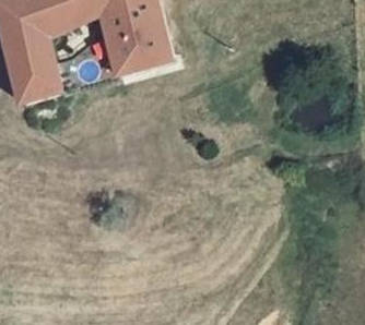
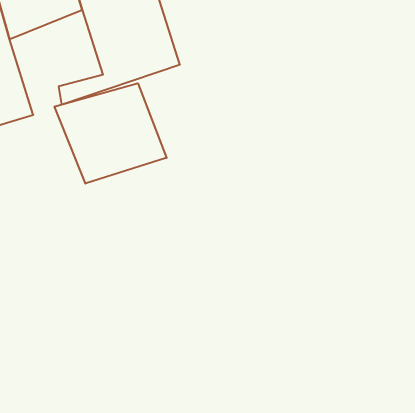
building: none -> [55,83,167,184]

